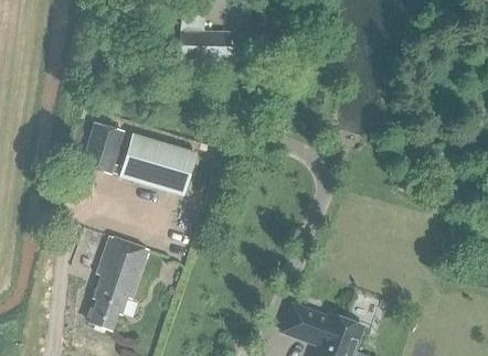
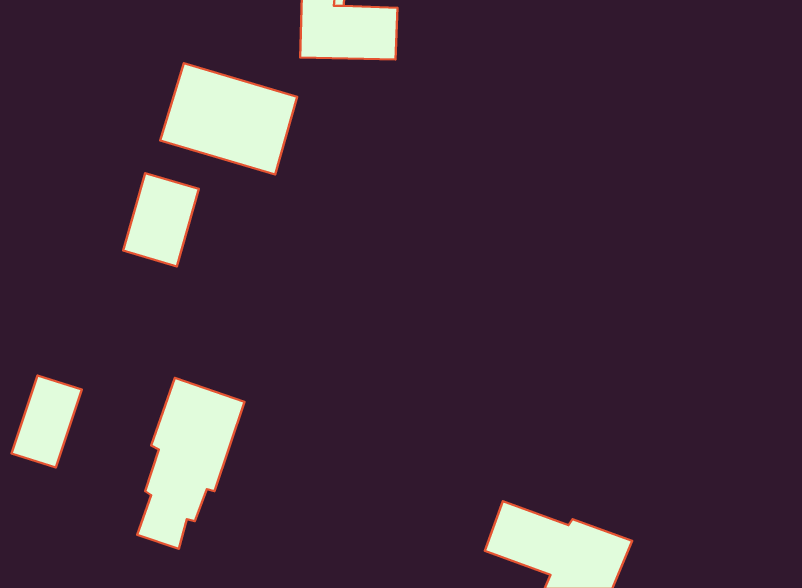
building: [119,133,195,195] -> [160,63,297,174]
building: none -> [11,376,82,468]

